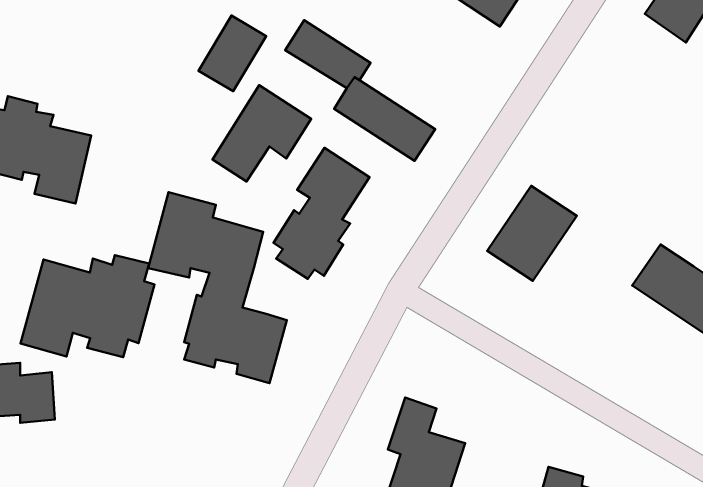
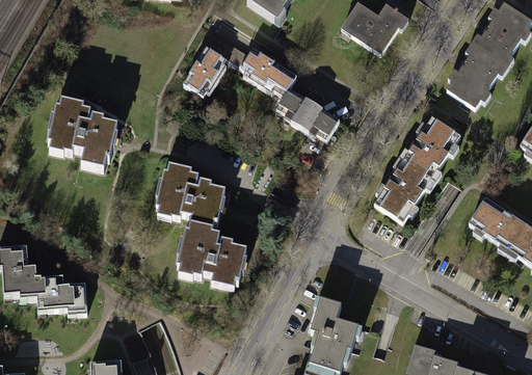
building: none -> [449,44,505,105]
building: [212,85,311,181] -> none
building: none -> [403,113,462,177]
building: [273,148,370,279] -> none
building: [20,255,155,357] -> none

